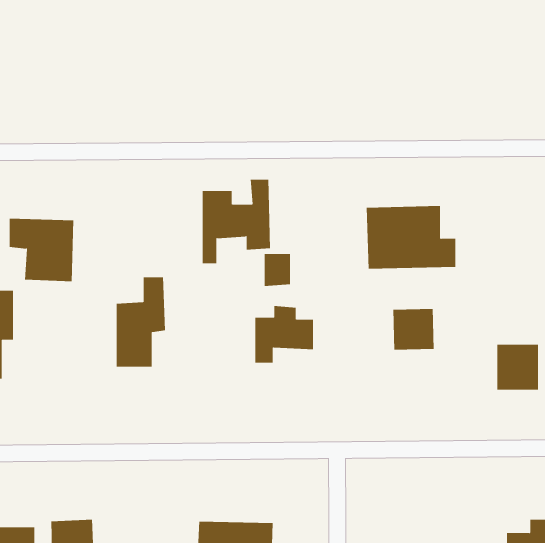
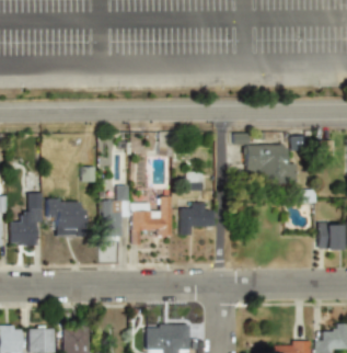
building: [202,179,271,264] -> [131,196,171,244]
building: [9,218,74,282] -> [47,200,84,236]
building: [393,308,434,351] -> none

